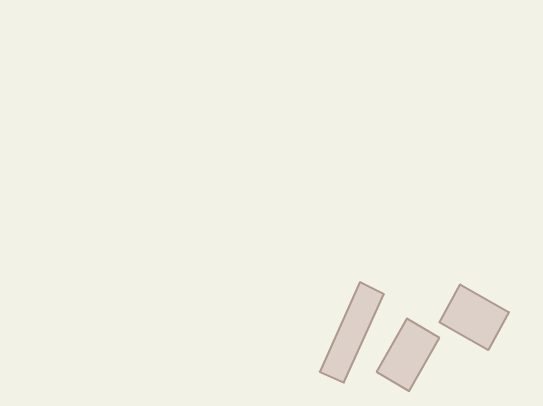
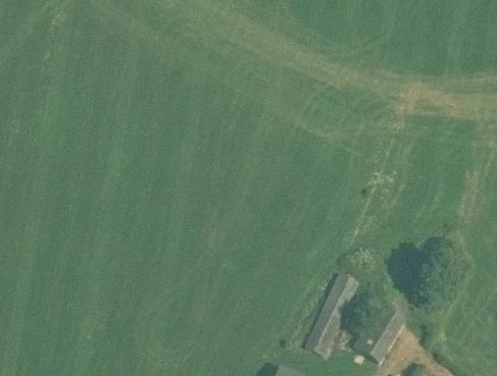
building: [439,284,509,350] -> none

